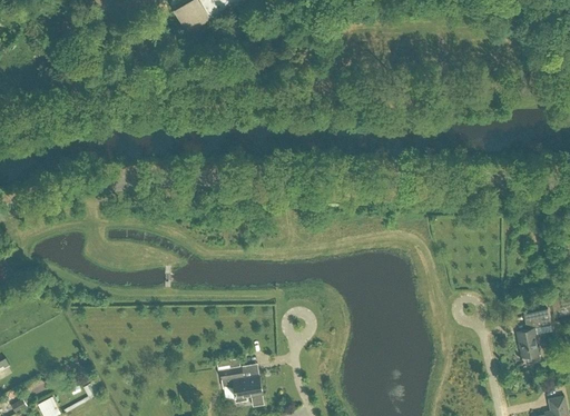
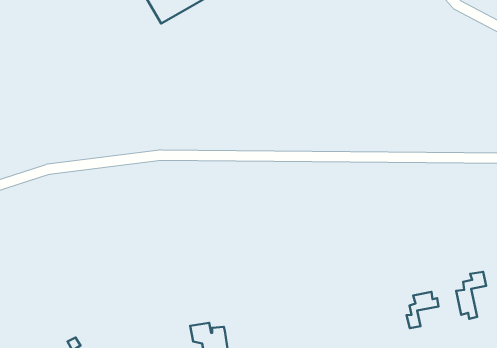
building: none -> [407,292,439,328]

